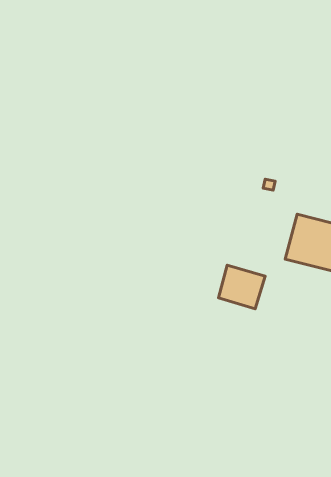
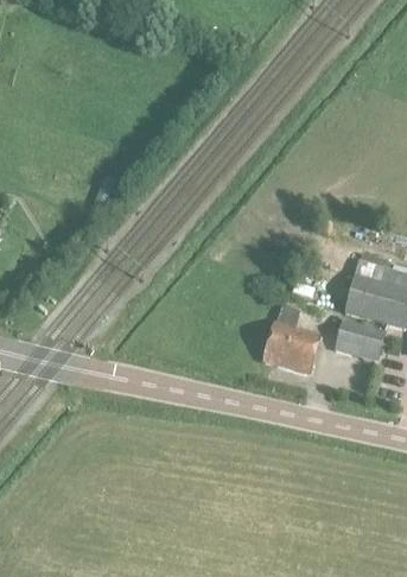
building: none -> [333,318,384,360]

